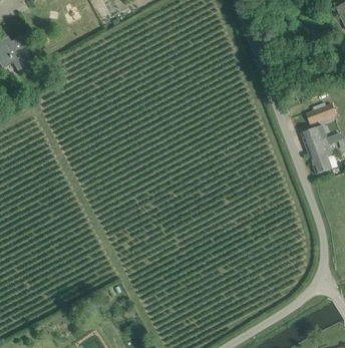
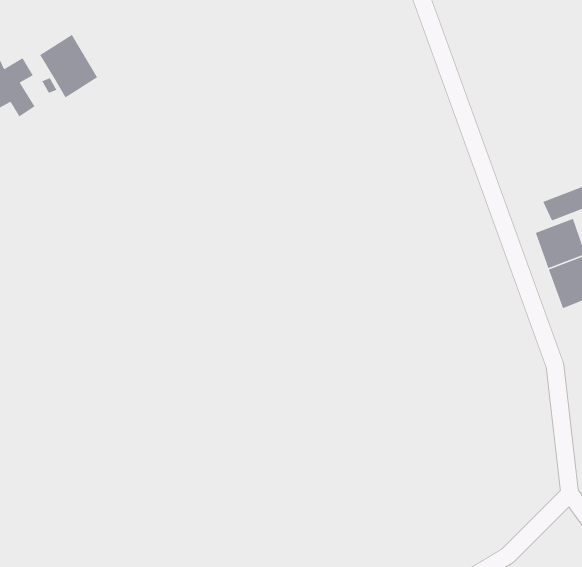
building: none -> [39,34,98,99]

